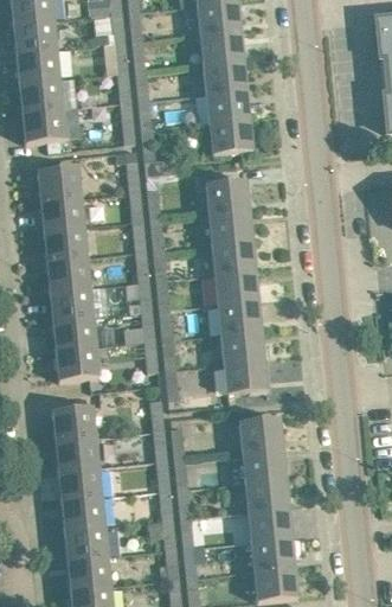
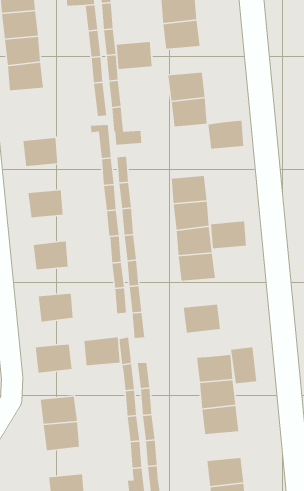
building: [204,59,246,92] -> [116,41,153,70]
building: [23,108,66,141] -> none
building: [206,178,249,212] -> [207,120,244,150]
building: [41,196,83,229] -> none
building: [47,255,89,289] -> none
building: [53,315,95,349] -> none
building: [221,328,264,362] -> [210,221,247,249]
building: none -> [230,346,257,384]
building: [56,434,98,468] -> [84,336,120,366]
building: [249,506,291,539] -> none
building: [65,524,108,558] -> none

